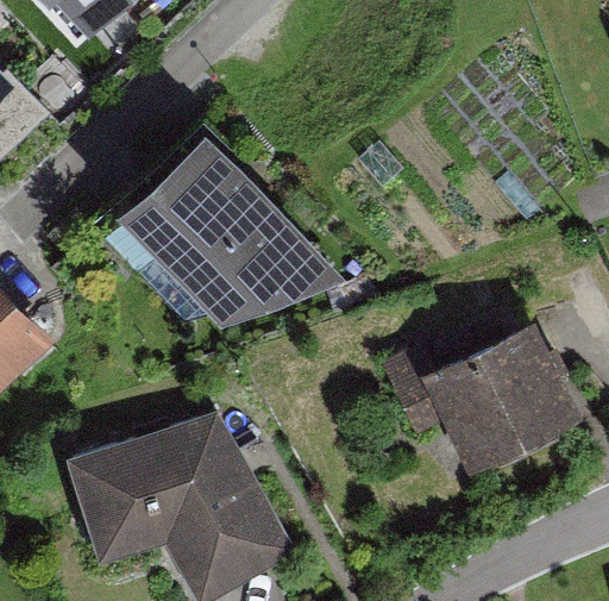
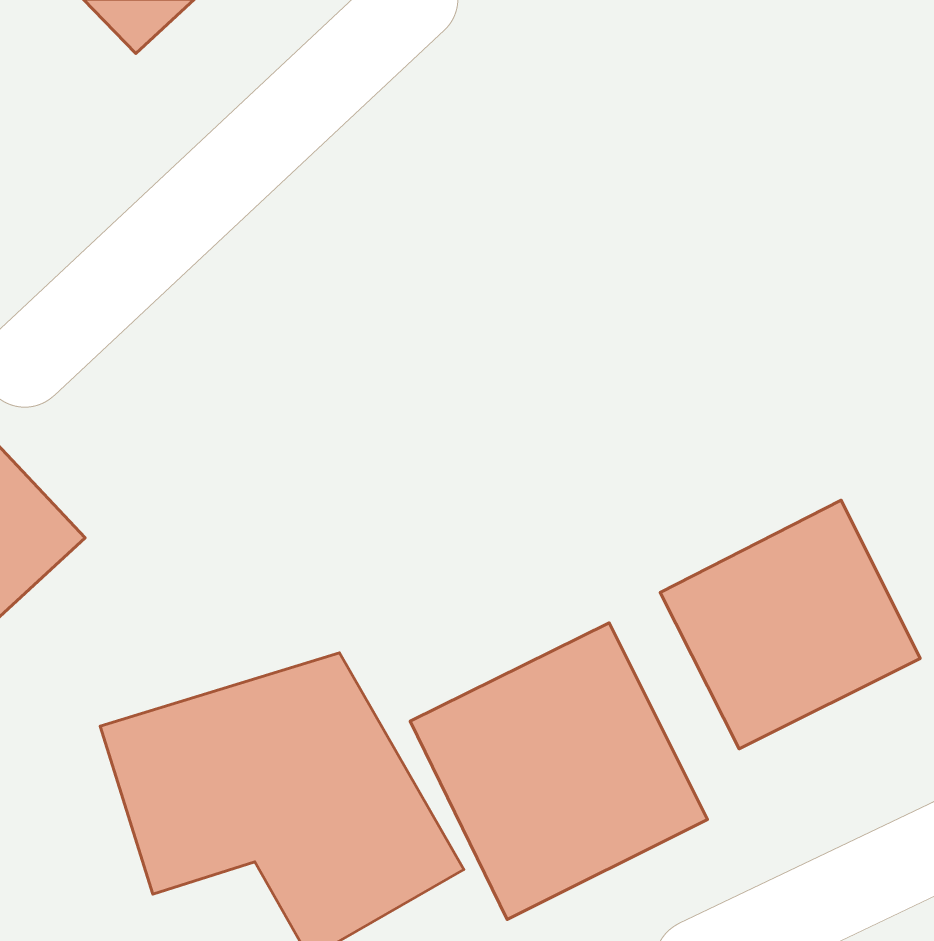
building: [114,129,344,325] -> none
building: none -> [410,623,708,920]

